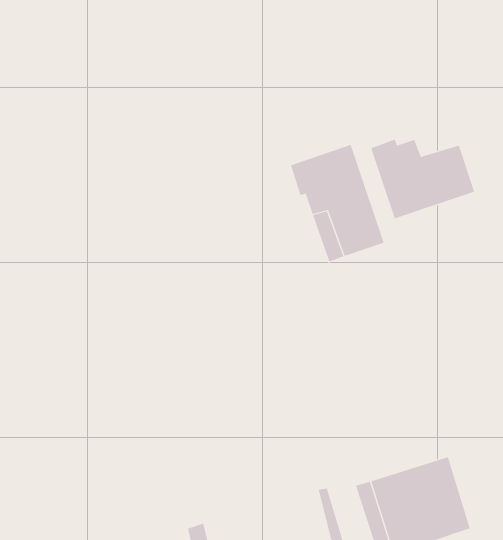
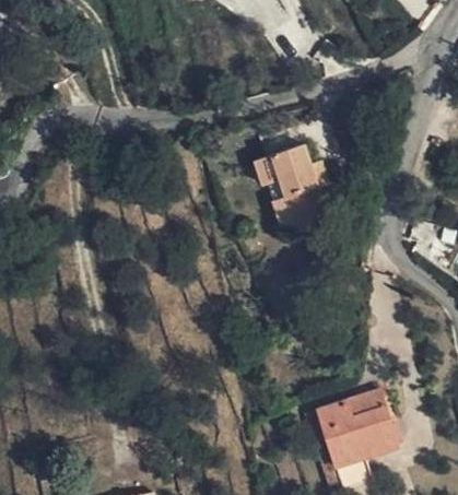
building: [370,139,475,219] -> none

